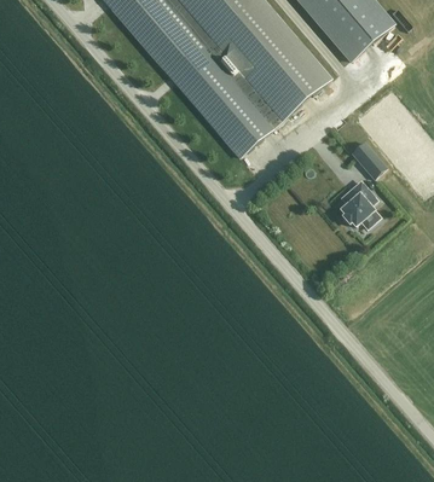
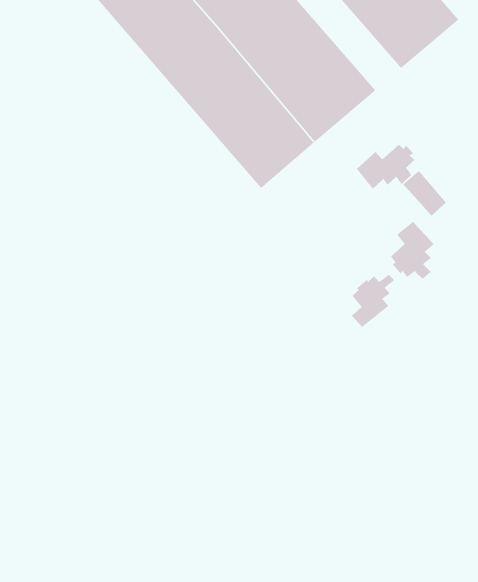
building: none -> [356,144,415,189]
building: none -> [351,274,395,328]

